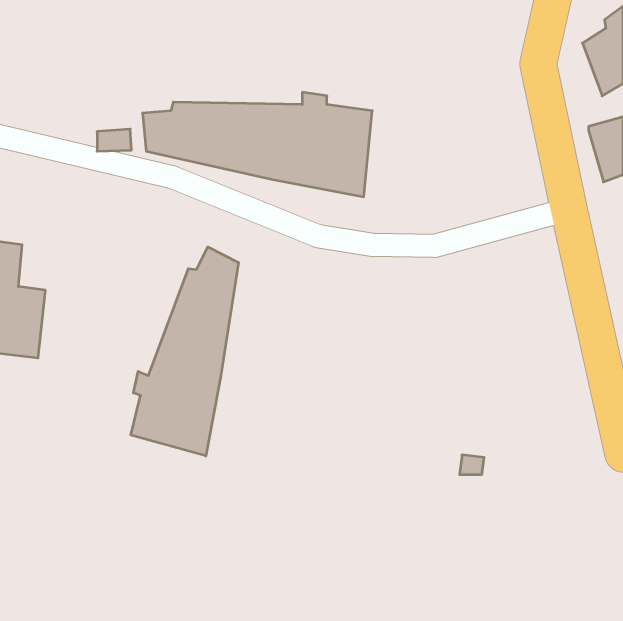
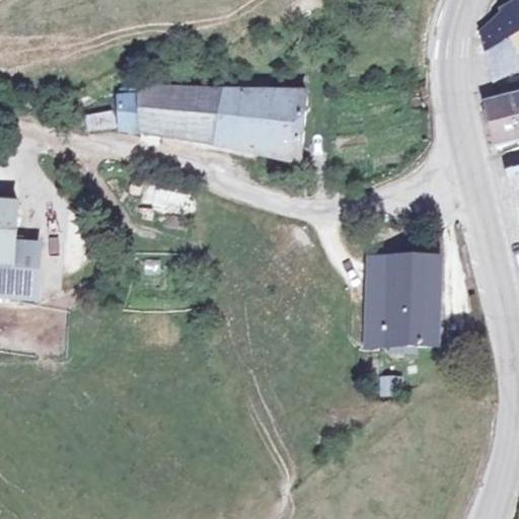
building: [131,247,238,456] -> none
building: none -> [364,258,438,347]

